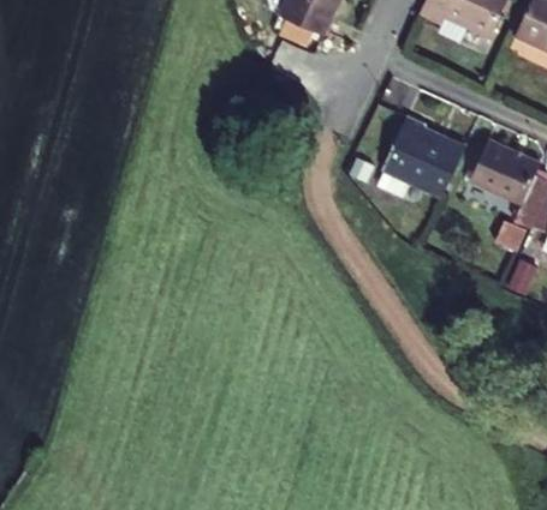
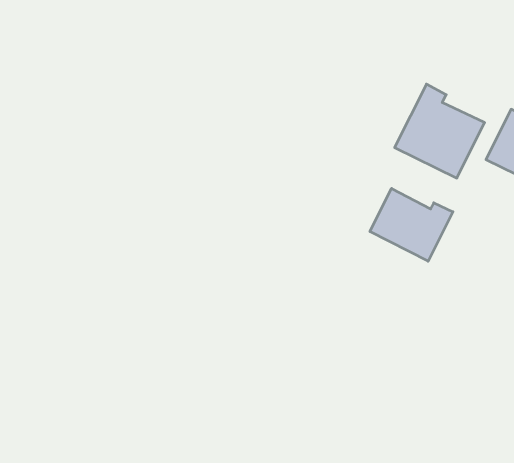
building: none -> [370,188,453,261]

